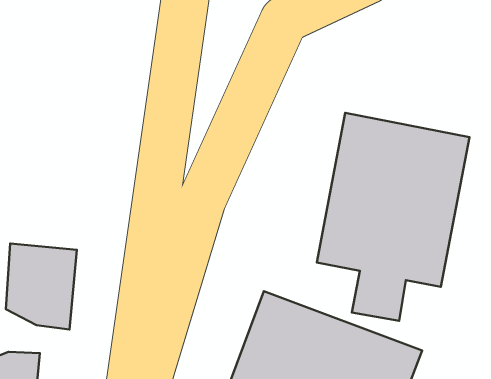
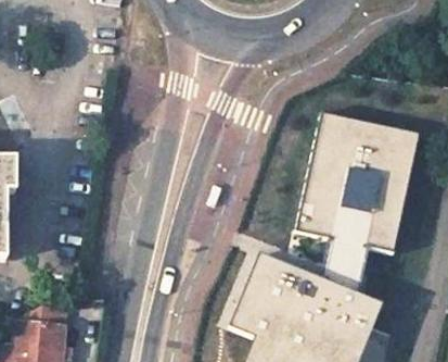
building: [6,244,77,330] -> none

